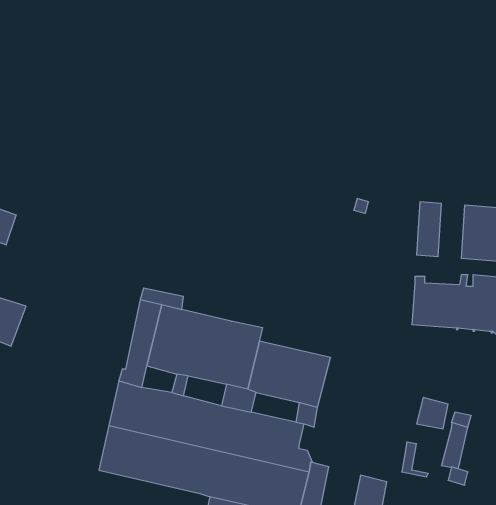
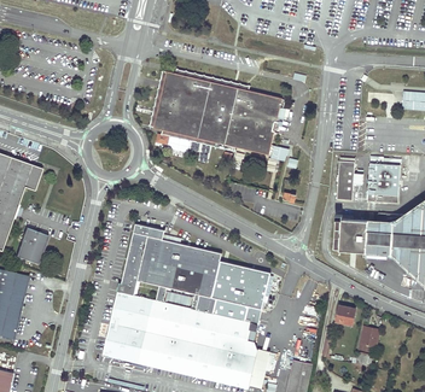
building: none -> [150,69,290,160]

